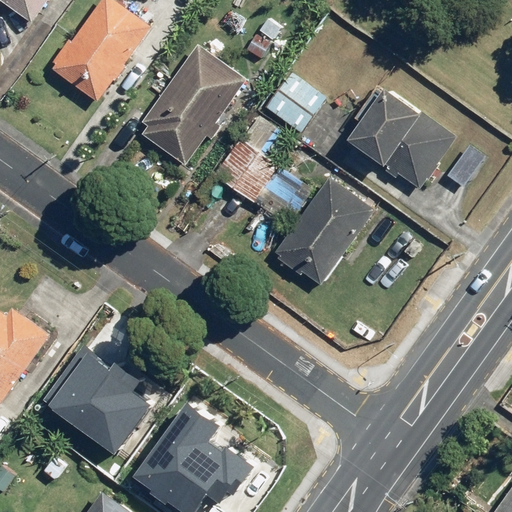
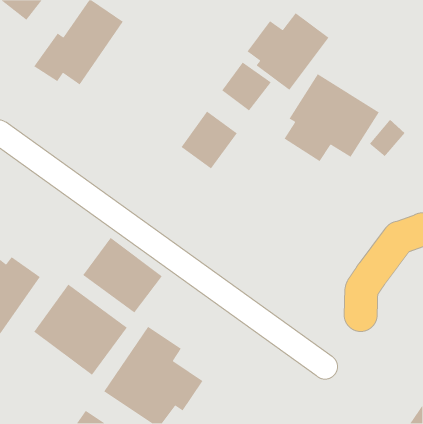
building: none -> [247,12,330,91]
building: [135,45,248,167] -> none
building: [270,177,373,286] -> none
building: none -> [82,237,163,314]

